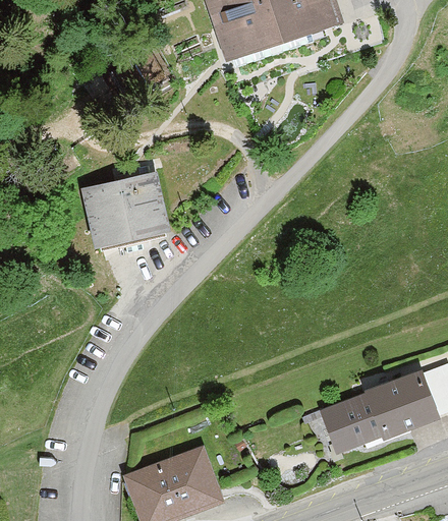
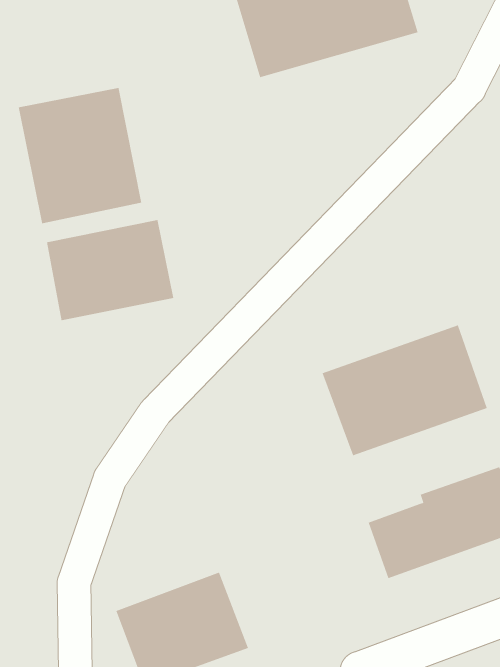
building: none -> [18,87,142,224]
building: none -> [322,324,488,456]

